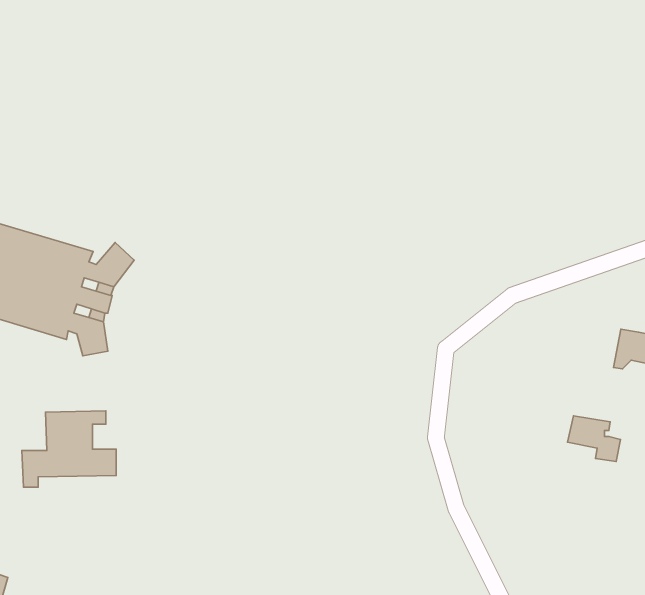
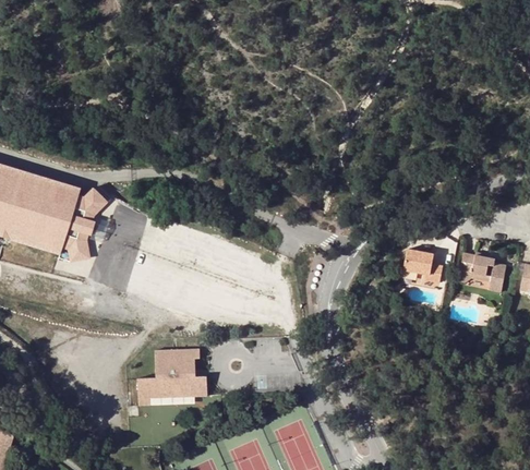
building: [22,411,116,487] -> [136,348,206,405]
building: [568,416,621,461] -> [407,246,446,280]

